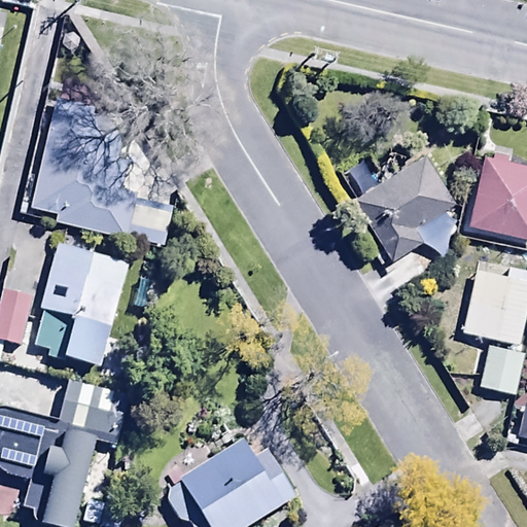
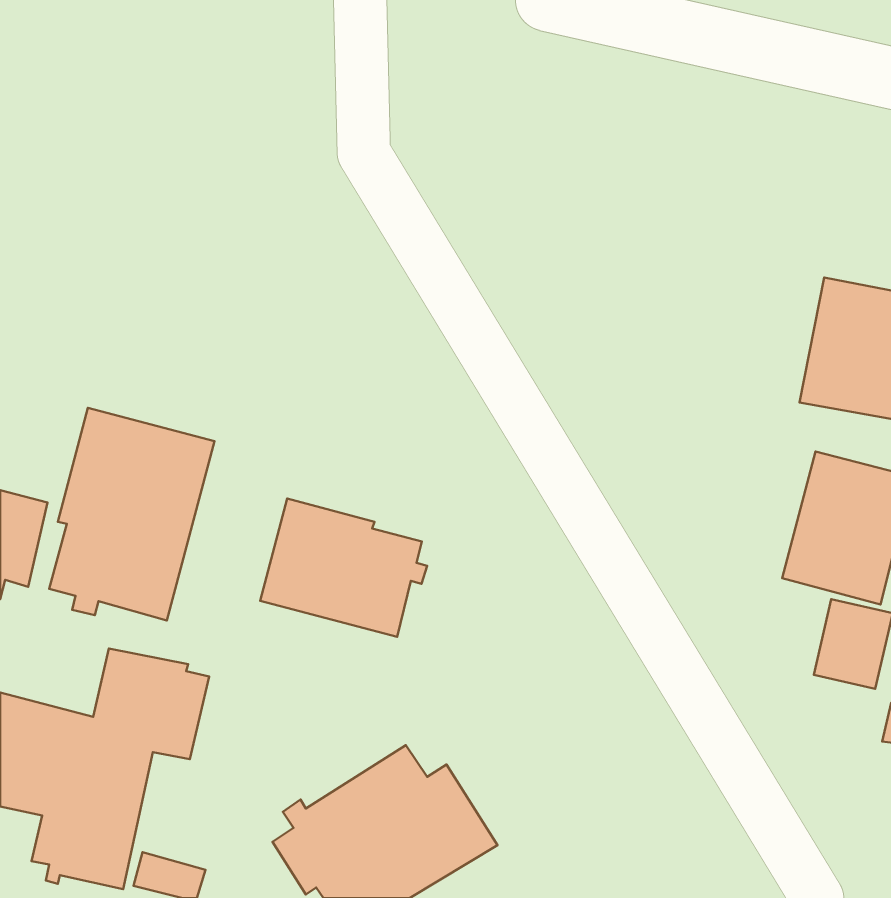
building: [29,105,173,244] -> none
building: [341,159,457,273] -> none
building: none -> [260,499,427,637]

